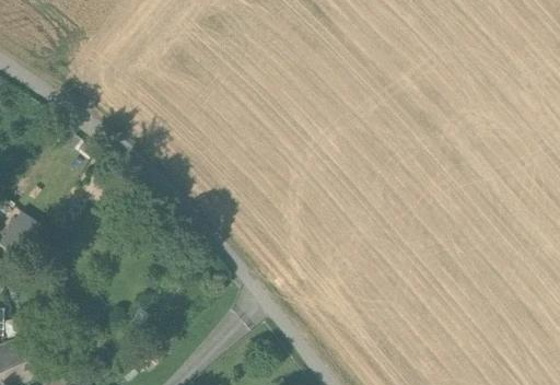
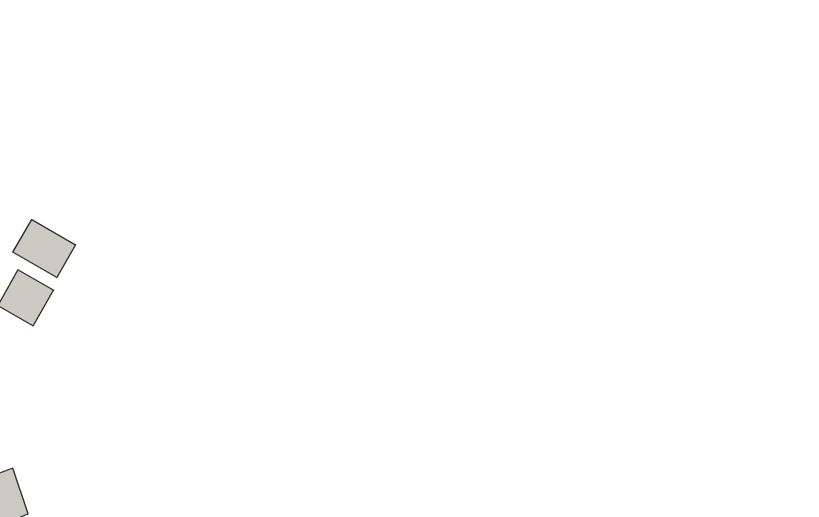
building: none -> [13,220,76,277]

